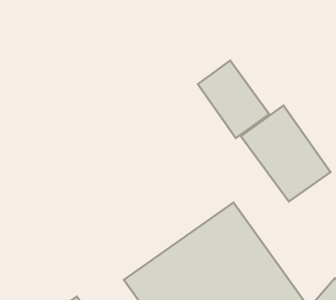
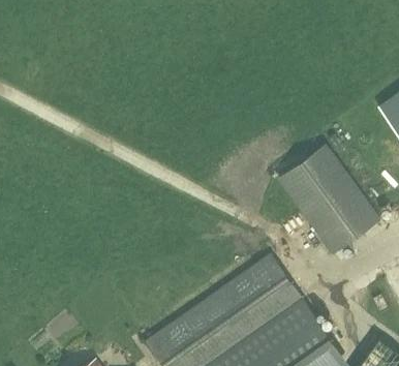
building: [198,61,269,138] -> none

